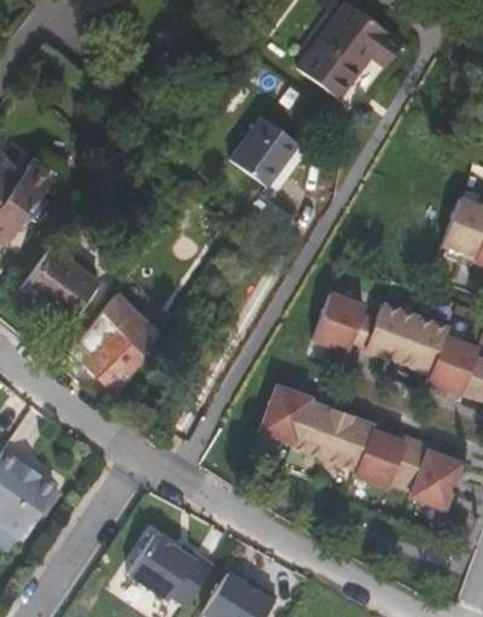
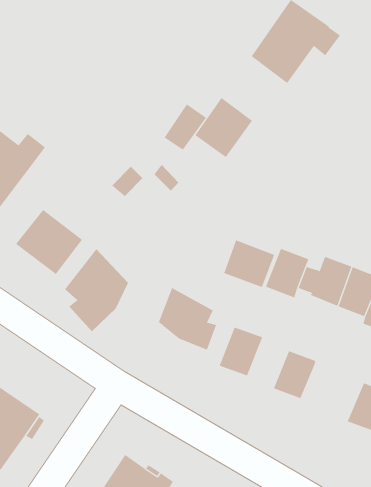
building: none -> [164,104,207,151]
building: none -> [224,239,275,288]
building: none -> [158,287,217,350]
building: [293,401,342,458] -> none
building: [355,430,431,490] -> none

